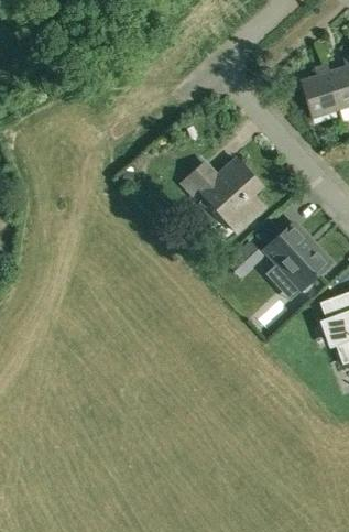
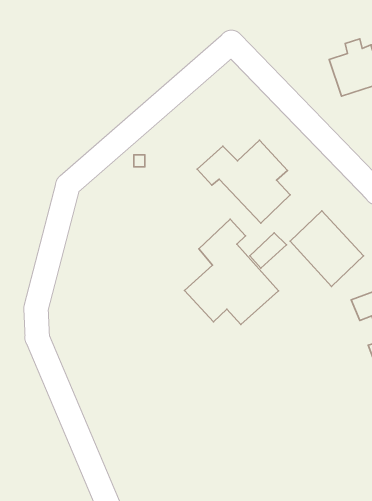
building: none -> [184,219,279,324]

